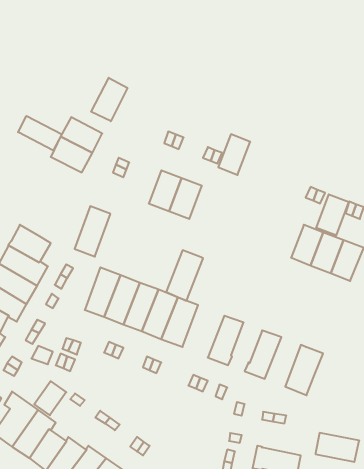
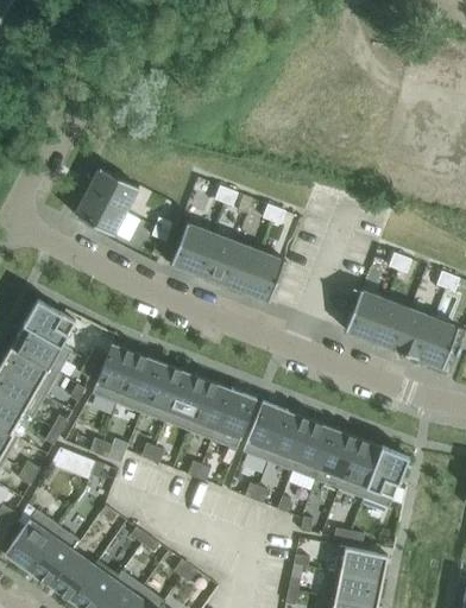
building: [91,78,127,121] -> none
building: [18,116,62,150] -> none
building: [218,134,250,175] -> [246,252,285,302]
building: none -> [172,223,212,273]
building: [316,194,349,235] -> [346,290,386,340]
building: [75,206,110,257] -> [93,342,137,404]
building: [166,250,203,301] -> [244,400,289,462]
building: none -> [297,419,335,469]
building: none -> [339,437,383,498]
building: [34,381,66,415] -> none
building: [316,433,359,462] -> [335,546,389,582]

